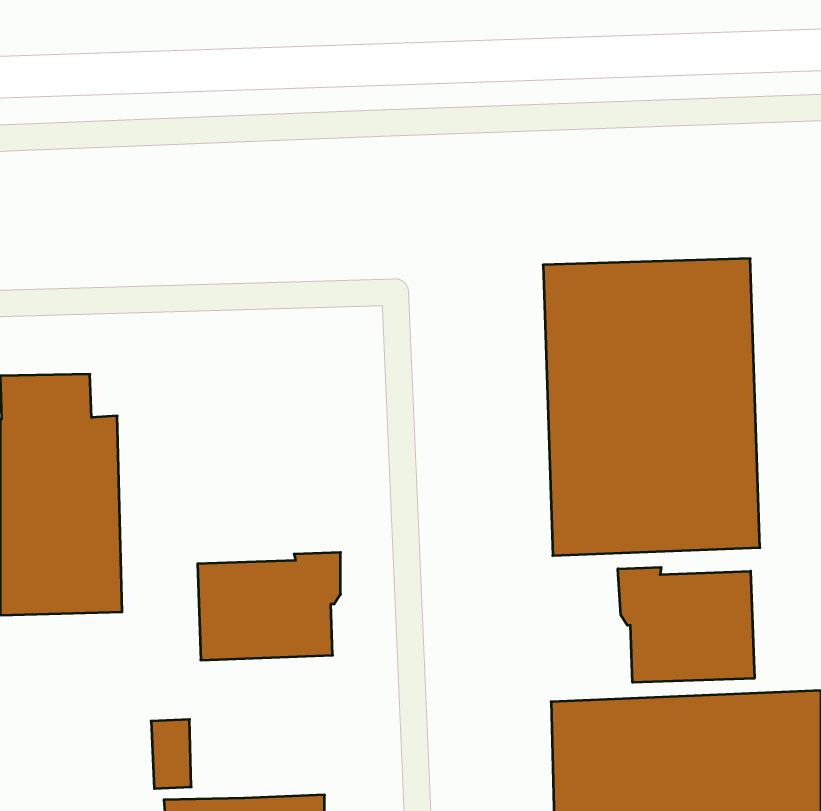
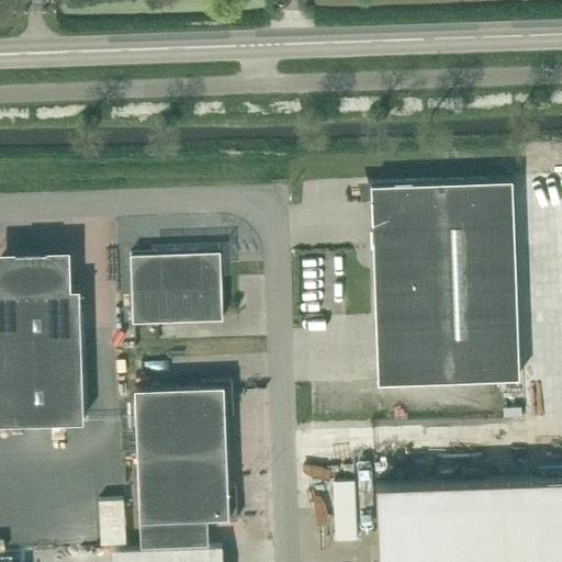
building: none -> [131,255,223,326]
building: [618,567,754,682] -> none
building: none -> [137,454,237,548]

